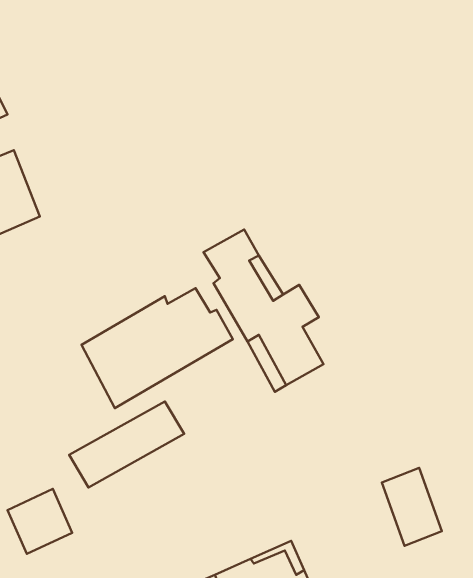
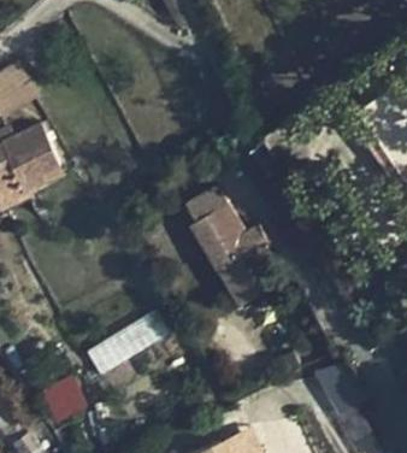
building: [81,288,233,408] -> none

